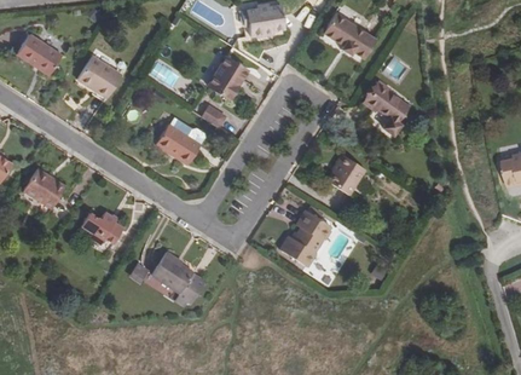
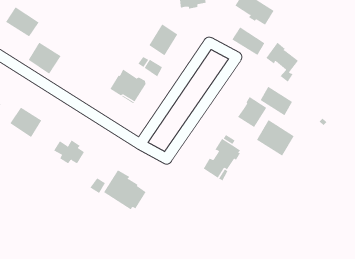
building: [76,54,121,98] -> [28,42,61,74]
building: none -> [232,26,265,56]
building: none -> [260,86,293,116]
building: none -> [256,119,295,157]

